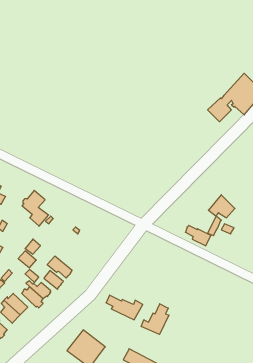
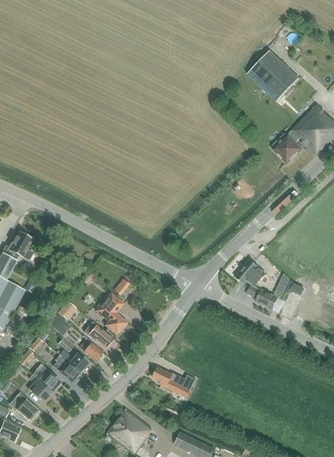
building: none -> [246,49,300,102]
building: [22,190,49,226] -> [96,293,127,335]
building: [208,195,235,218] -> [234,258,265,285]
building: [141,304,169,334] -> none

